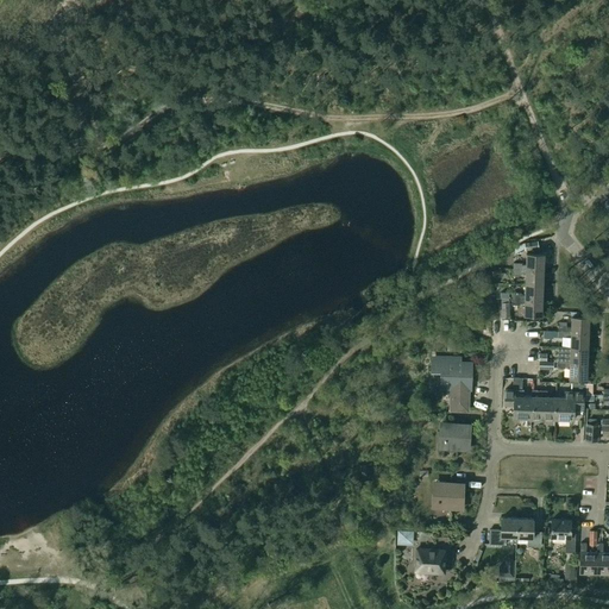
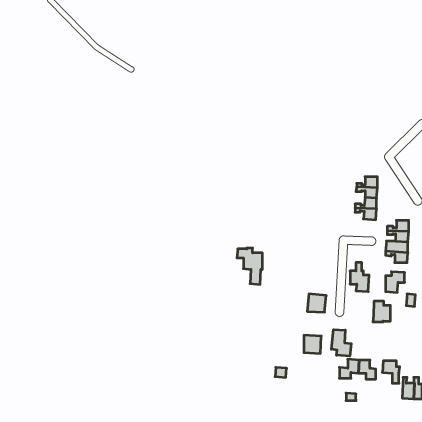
building: [433,357,470,409] -> [237,248,262,284]
building: [530,391,555,421] -> [373,301,390,322]
building: none -> [331,330,351,356]
building: [415,548,445,570] -> none

